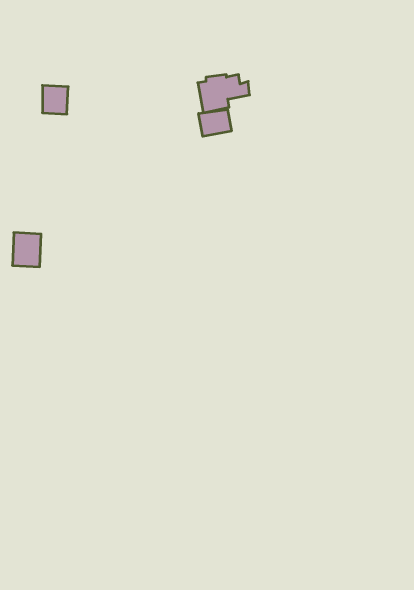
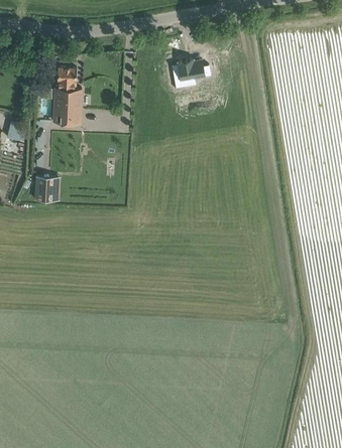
building: [199,109,231,136] -> none
building: none -> [53,87,81,123]

